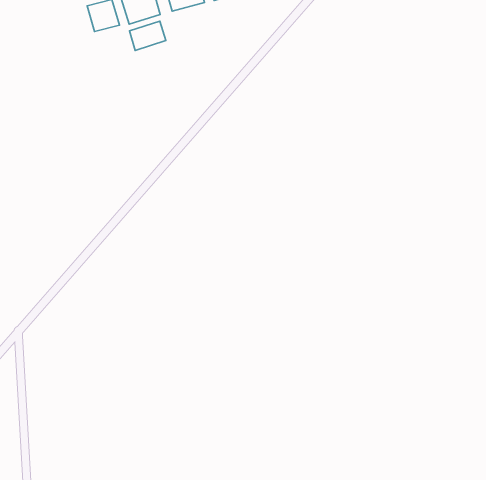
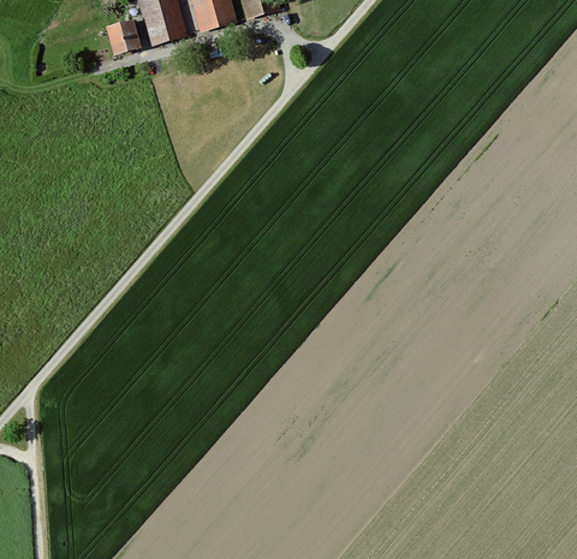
building: [129,21,166,50] -> none

